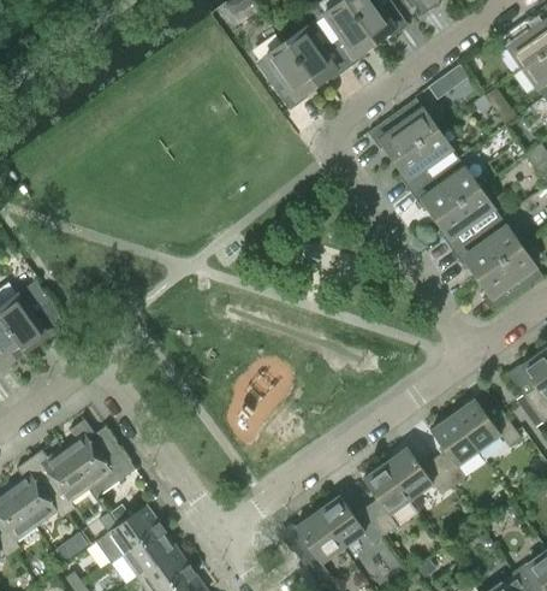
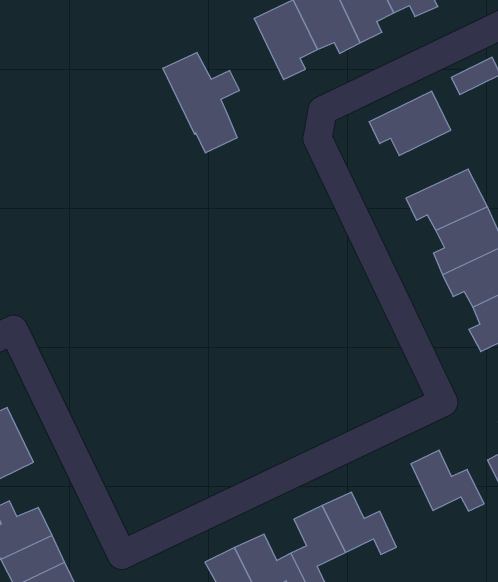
building: none -> [163,52,239,153]
building: [398,129,458,193] -> none
building: [430,415,478,487] -> none

